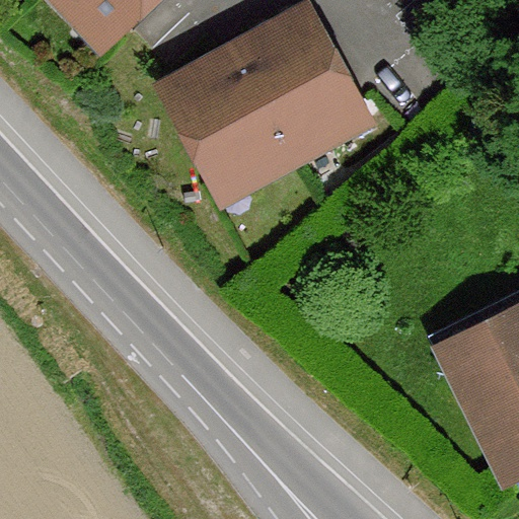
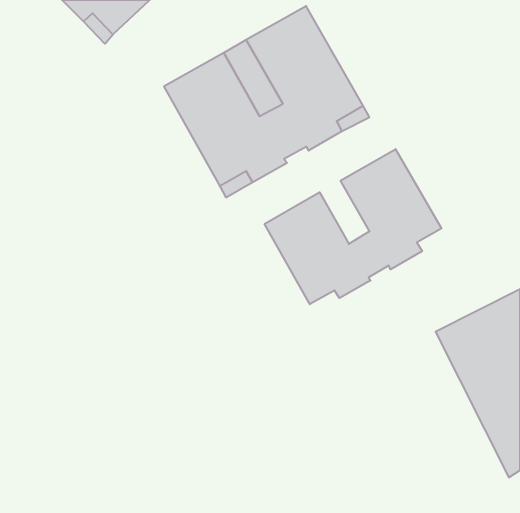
building: none -> [265,149,441,304]

